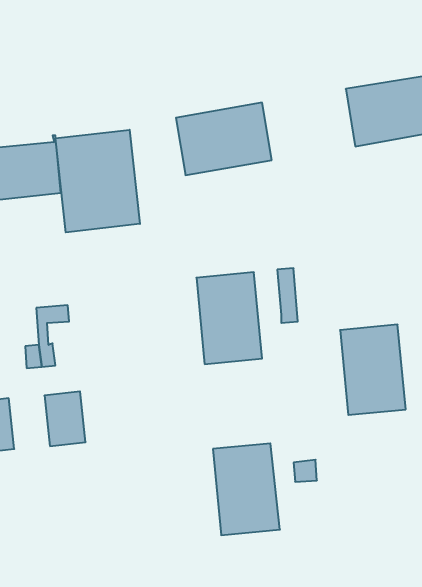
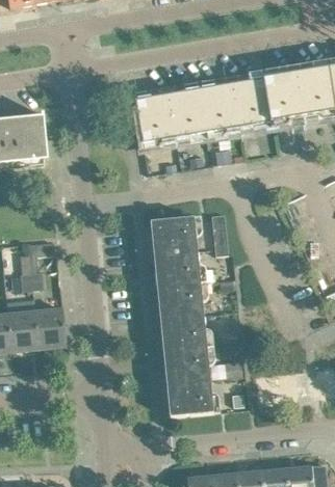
building: none -> [200,78,270,132]
building: [56,130,140,232] -> none
building: [340,325,406,415] -> [156,282,206,351]
building: none -> [7,310,38,351]

